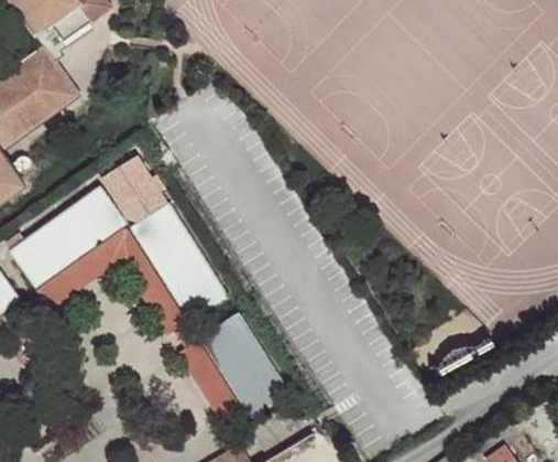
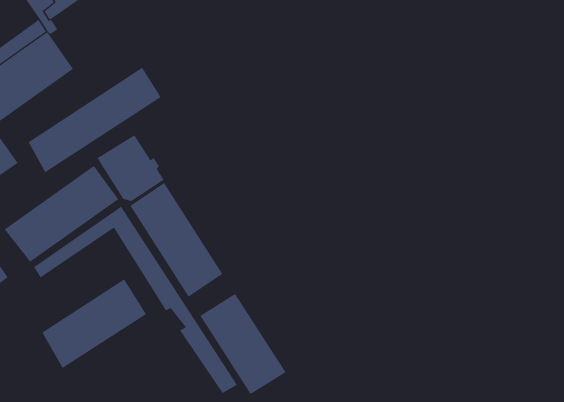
building: none -> [28,67,161,173]
building: none -> [41,279,147,369]

